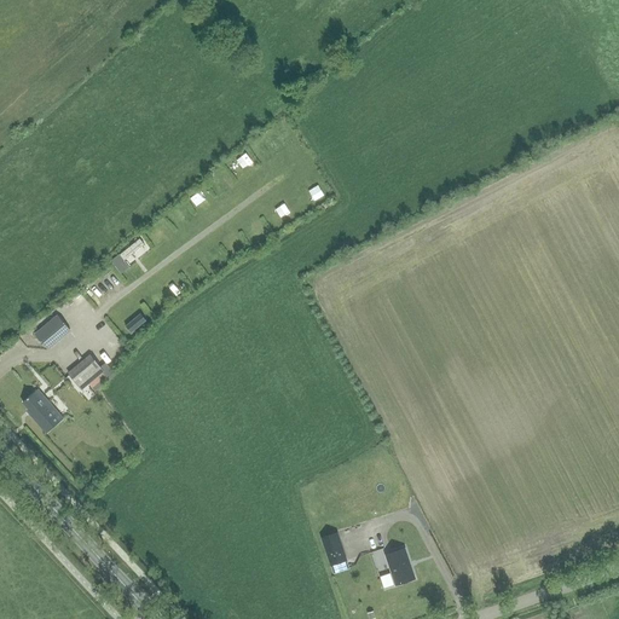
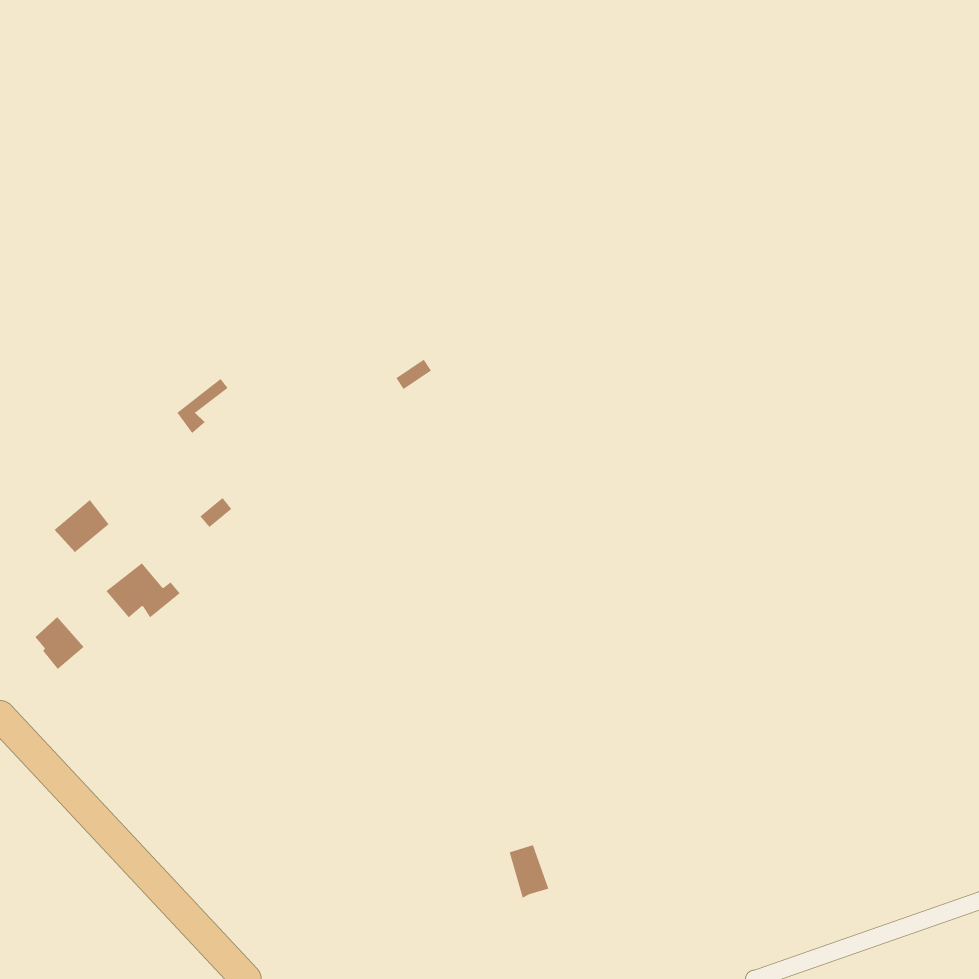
building: [386,549,415,584] -> none

